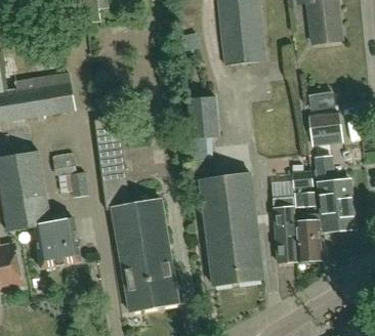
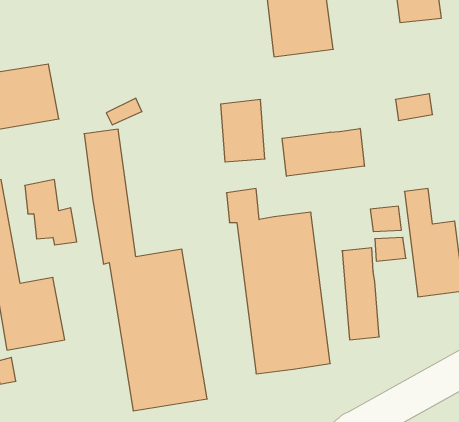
building: [307,112,343,142] -> none
building: none -> [282,128,364,176]
building: [294,216,320,260] -> none

